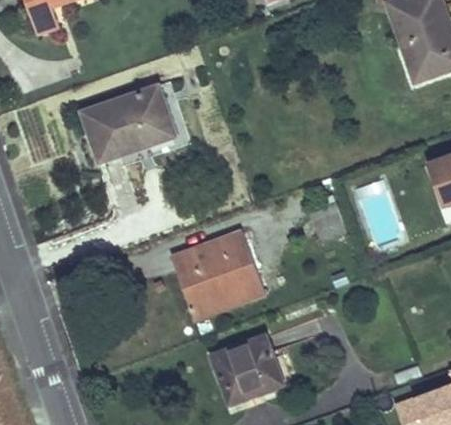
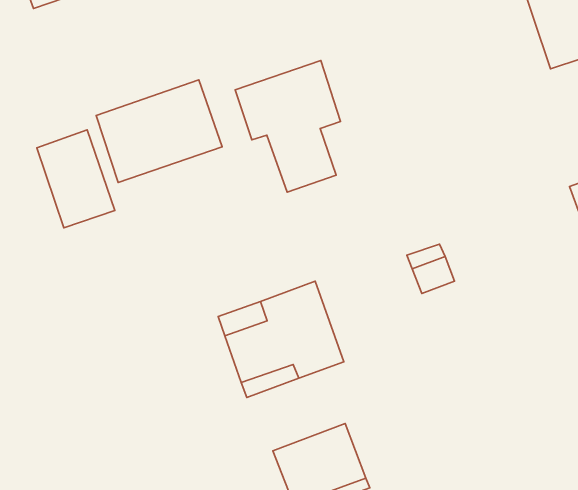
building: none -> [235,60,340,192]
building: none -> [37,130,115,228]

